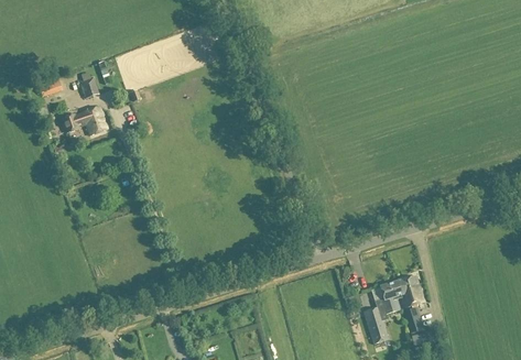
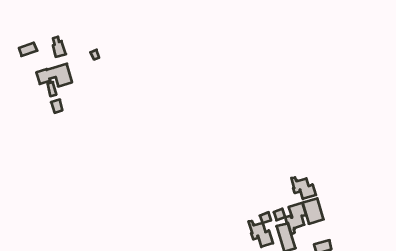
building: none -> [291,177,316,199]
building: none -> [249,221,273,247]

